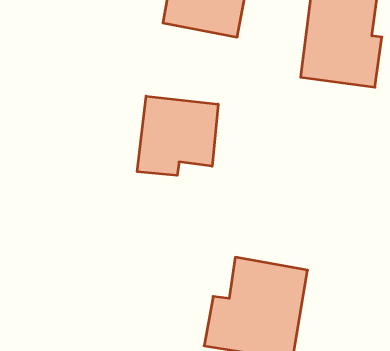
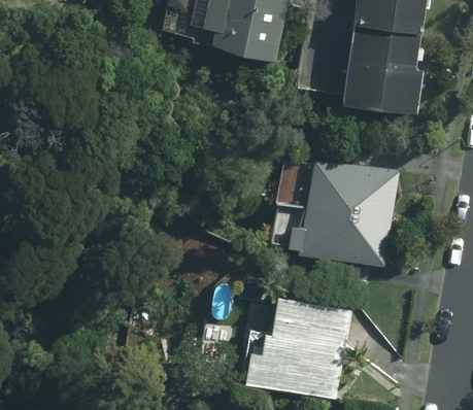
building: [137,96,218,175] -> none
building: none -> [278,157,397,282]

